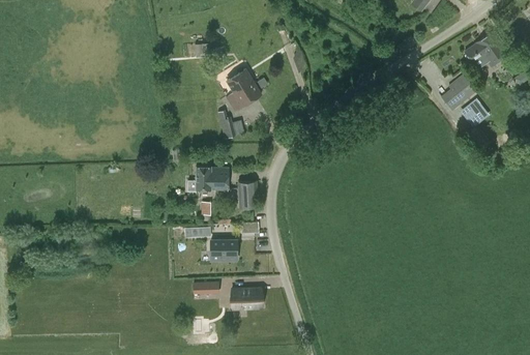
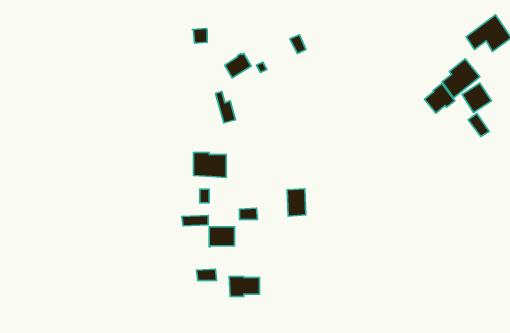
building: [225,82,260,112] -> none
building: none -> [424,84,455,113]
building: [237,181,256,208] -> [287,189,306,216]

